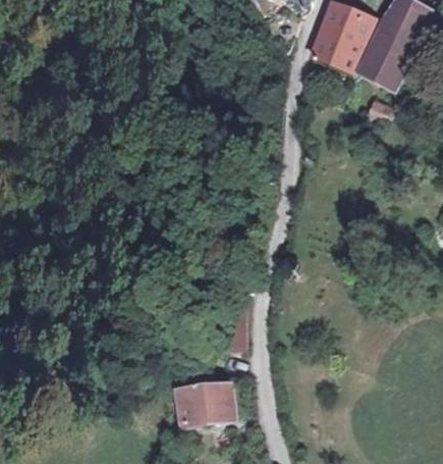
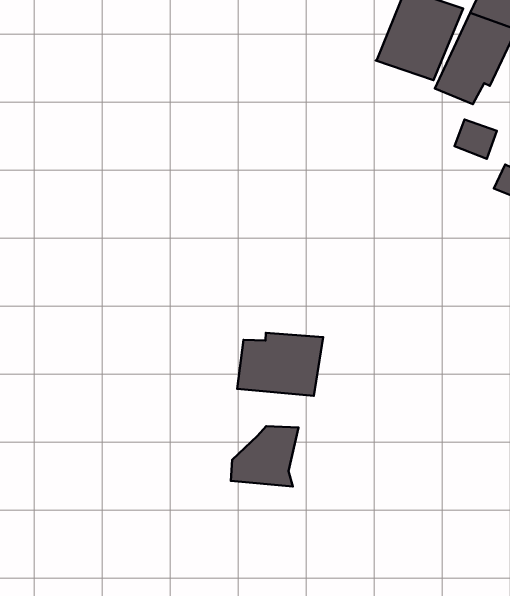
building: none -> [237,333,323,396]
building: [177,388,233,428] -> none

